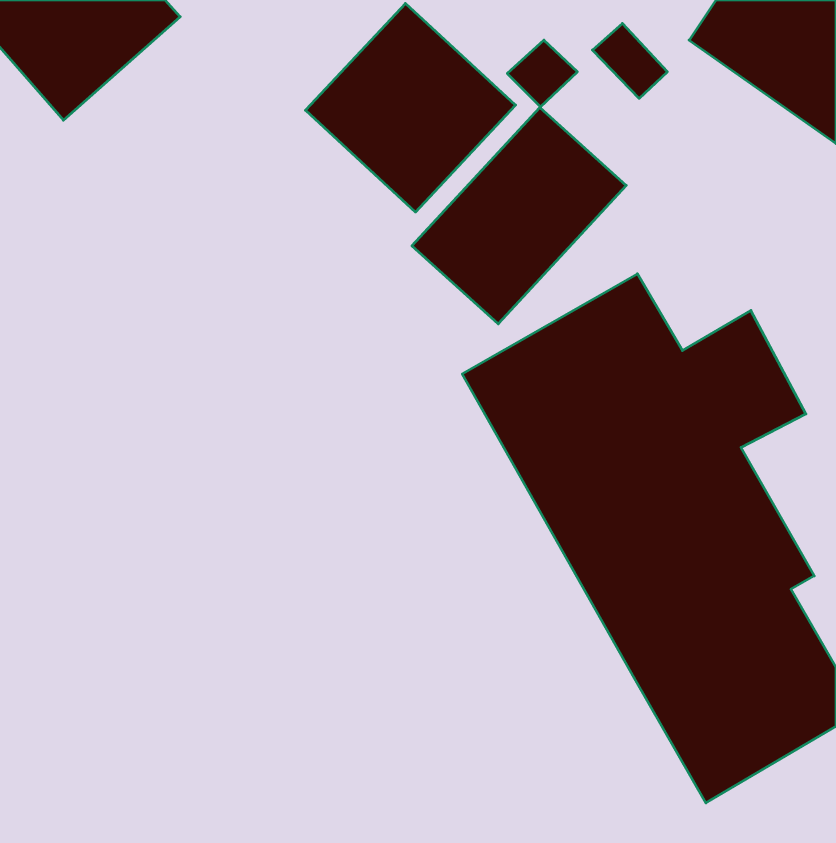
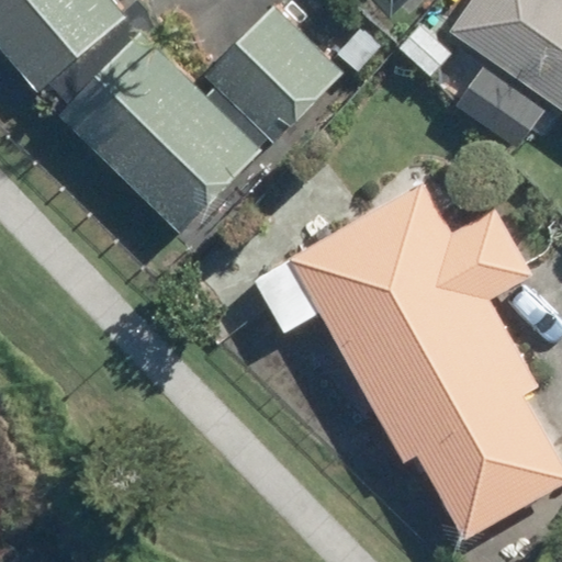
building: none -> [58,22,255,222]
building: [412,107,626,324] -> none

